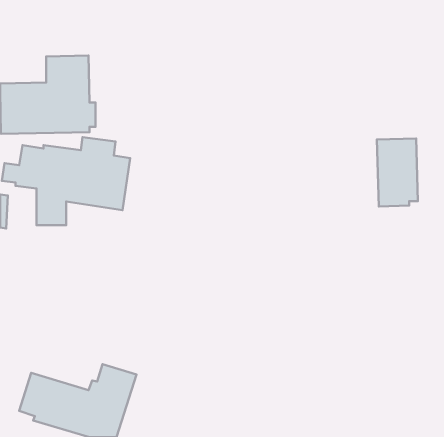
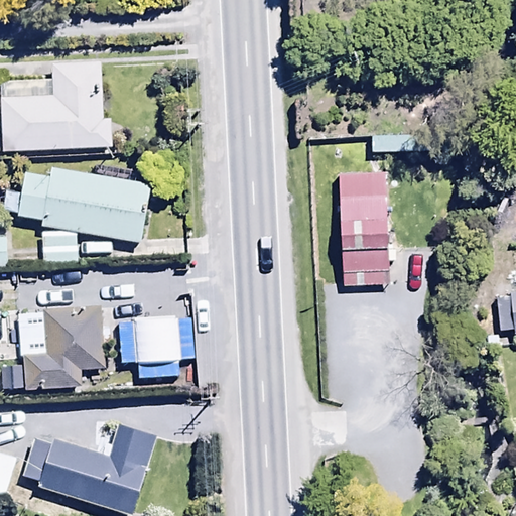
building: [377,139,418,206] -> [340,197,387,275]
building: none -> [22,303,102,391]

